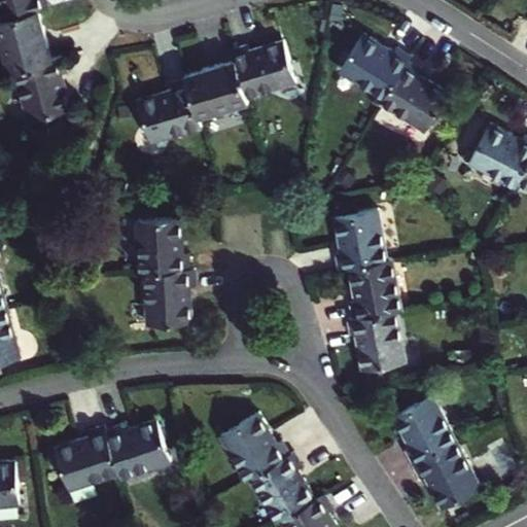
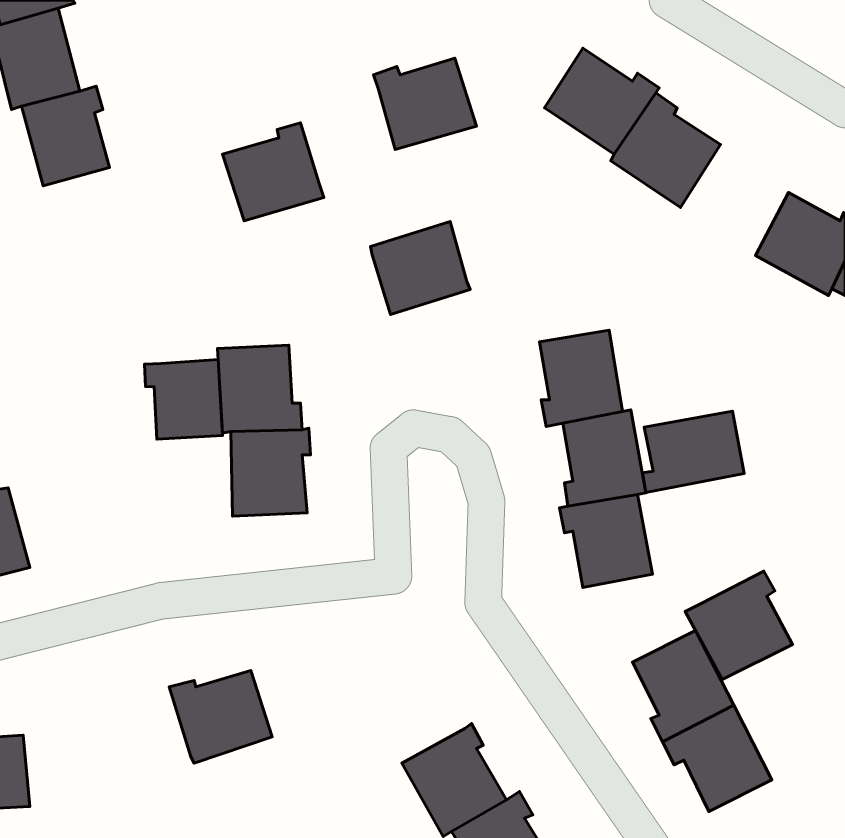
building: [185,62,247,119] -> [371,222,470,315]
building: none -> [144,360,223,439]
building: none -> [642,411,744,492]
building: none -> [685,571,793,680]
building: [219,415,288,483] -> none
building: [56,428,118,492] -> none

